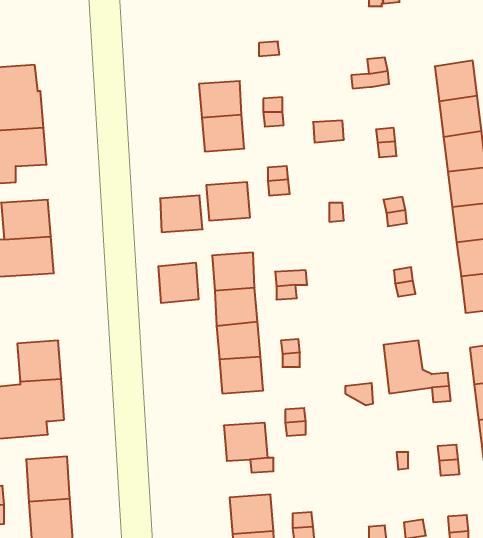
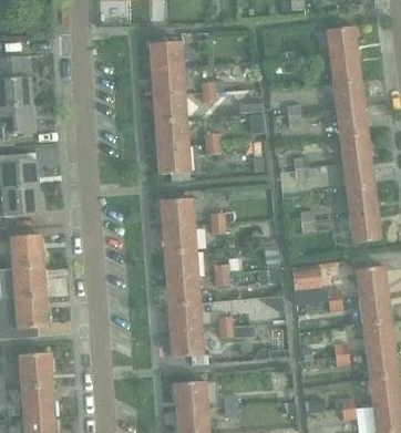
building: none -> [327,25,359,58]
building: none -> [150,41,183,71]
building: [160,195,203,232] -> [156,120,188,147]
building: [159,263,199,303] -> none
building: none -> [12,234,45,267]
building: none -> [169,302,202,329]

